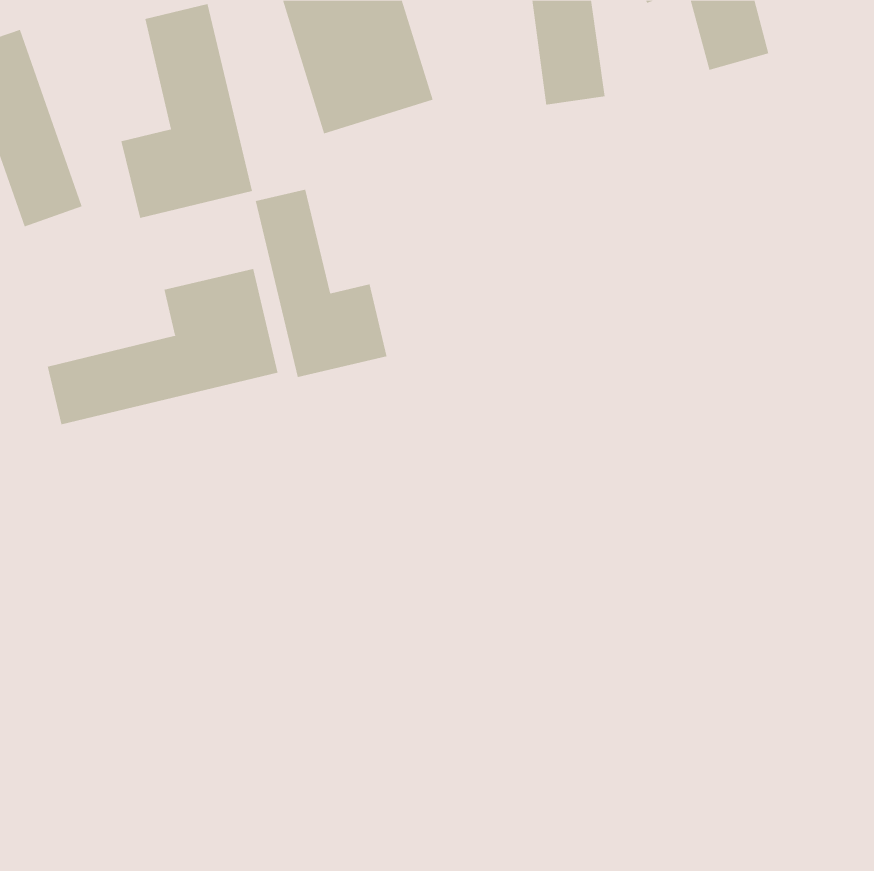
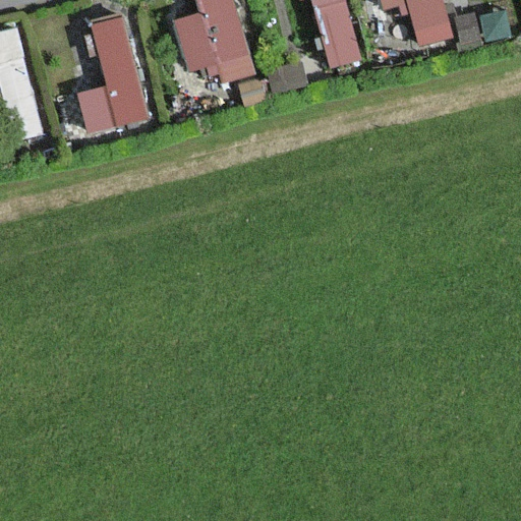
building: [255,189,387,378] -> none
building: [47,268,278,425] -> none

